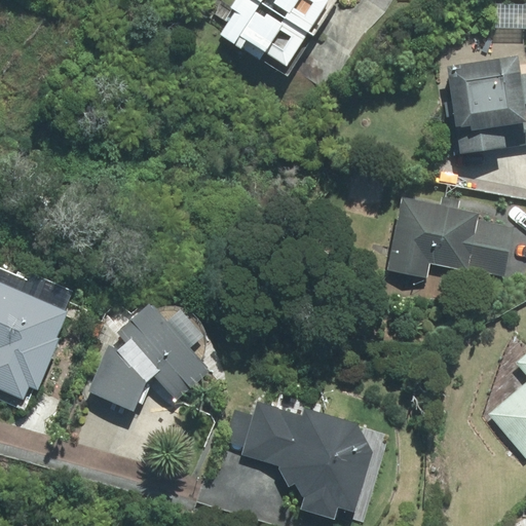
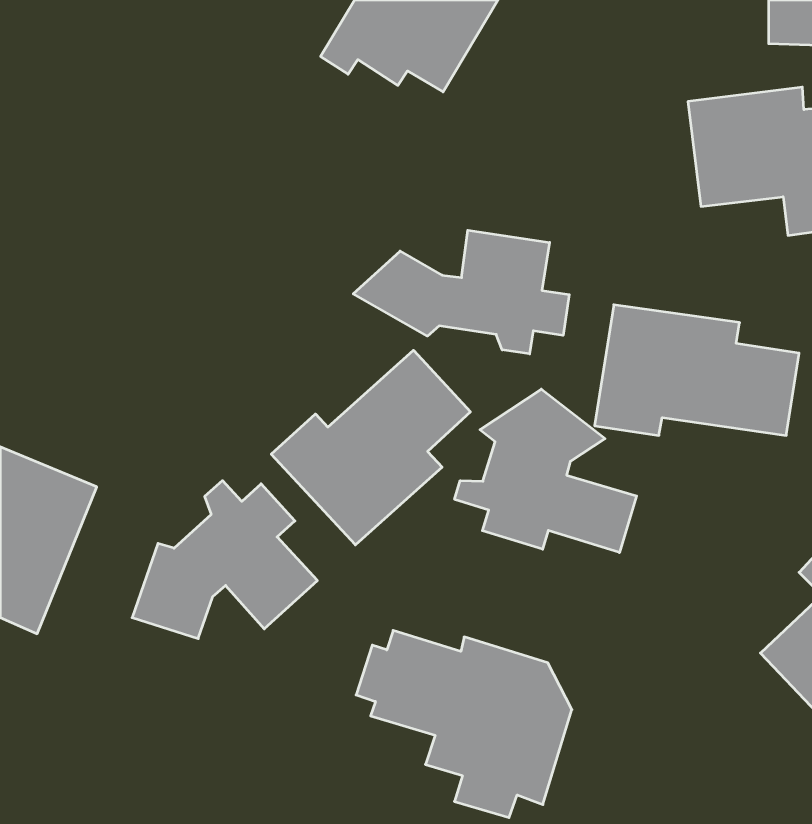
building: none -> [353,230,569,354]
building: none -> [271,350,470,545]
building: none -> [455,389,637,553]

